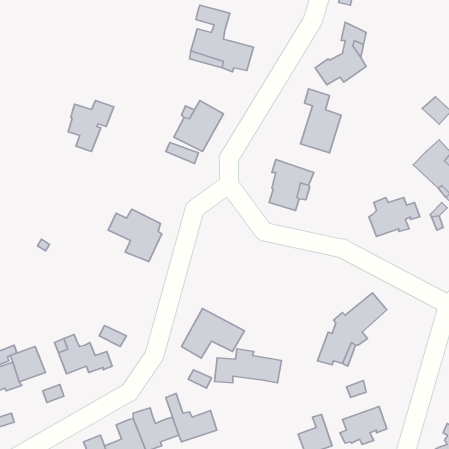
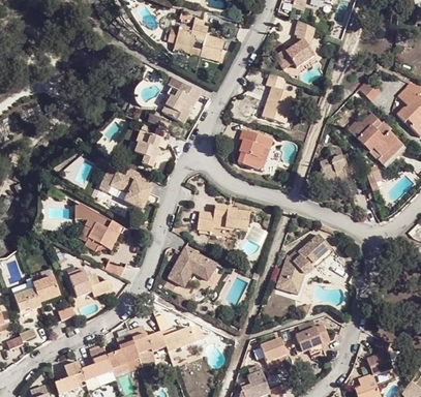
building: [68,100,114,151] -> [134,127,171,167]
building: none -> [73,204,119,251]
building: [215,349,281,383] -> [197,204,249,231]

